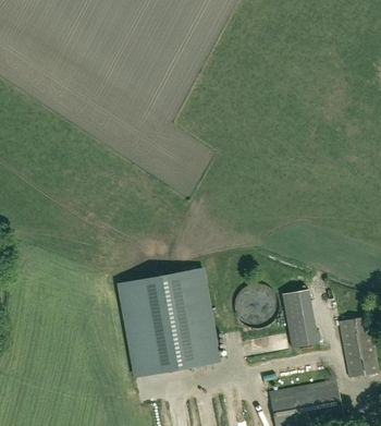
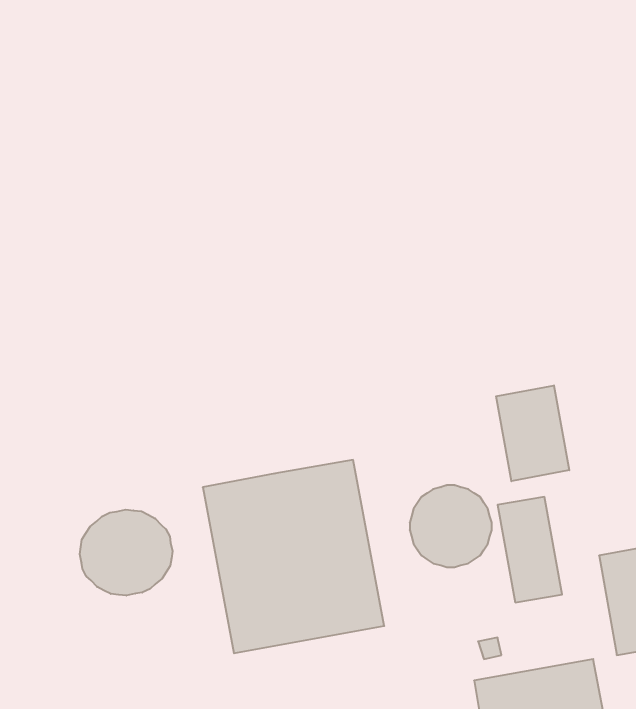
building: none -> [496,385,569,481]
building: none -> [80,510,173,596]

